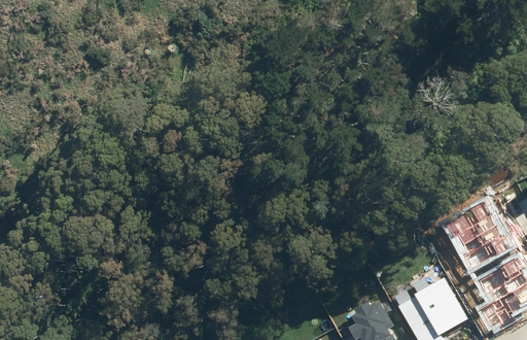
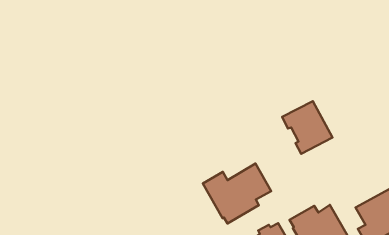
building: [447,202,510,268] -> [282,101,332,154]
building: none -> [203,164,271,224]

